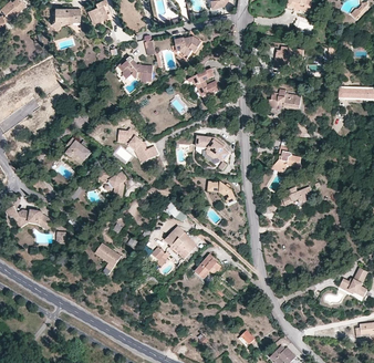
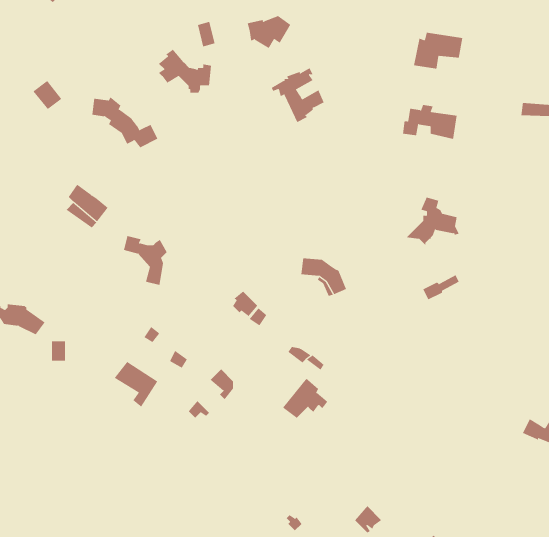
building: [117,129,157,160] -> [92,96,158,148]
building: [196,136,228,162] -> none
building: [163,226,195,259] -> none

